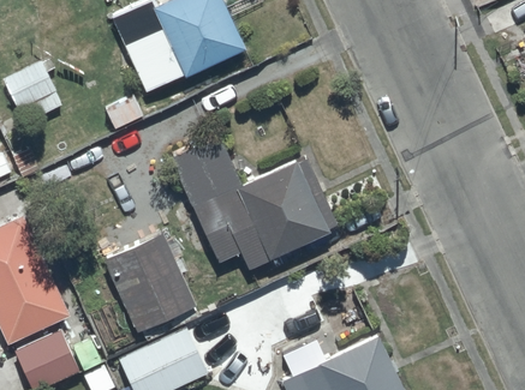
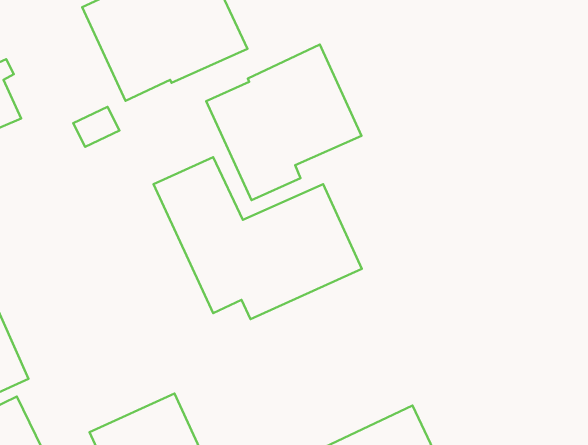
building: none -> [206,45,362,200]
building: [105,234,195,332] -> none

